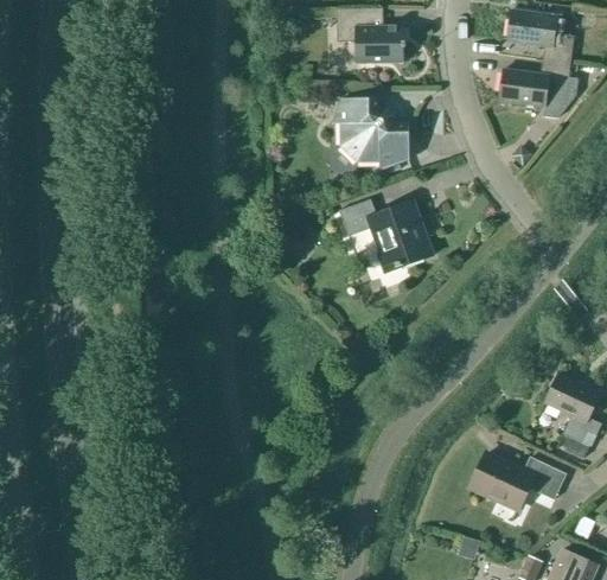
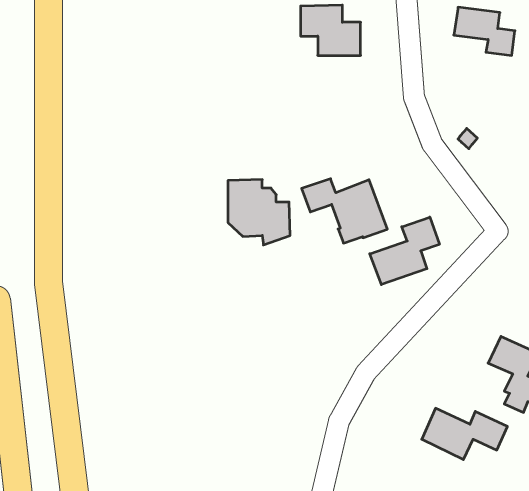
building: [498,59,577,117] -> none
building: [340,97,409,170] -> [228,180,290,245]
building: none -> [370,217,439,285]

